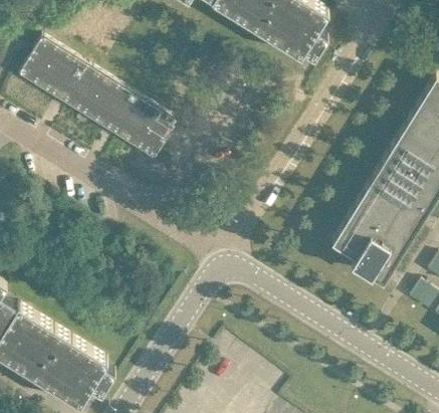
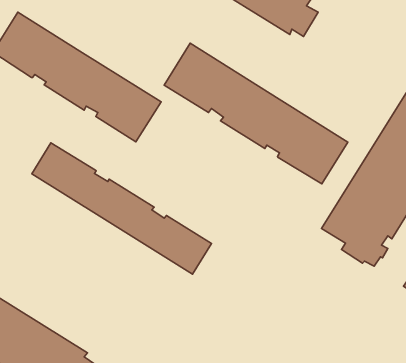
building: none -> [164,43,348,184]
building: none -> [32,143,212,274]

